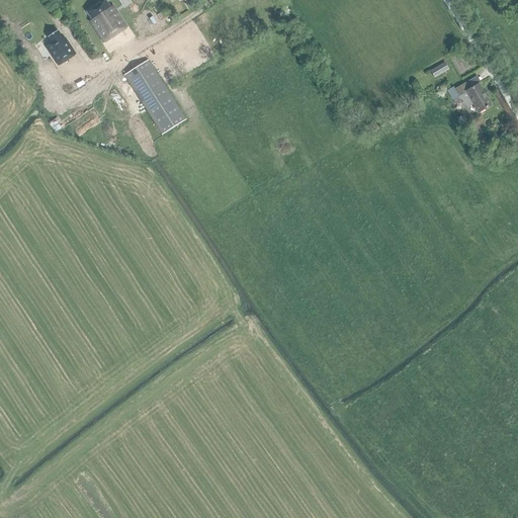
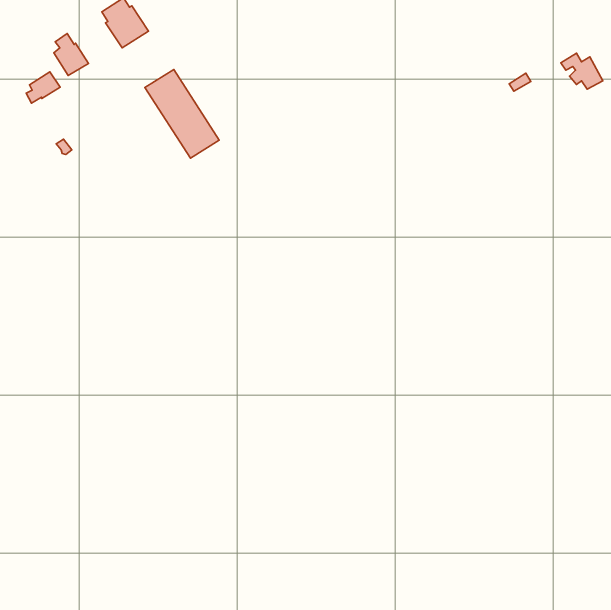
building: none -> [26,72,60,103]
building: [454,81,490,111] -> [561,53,603,89]

